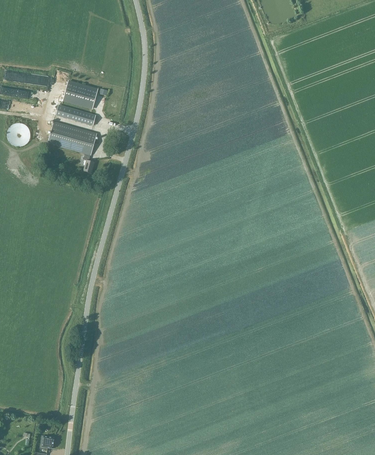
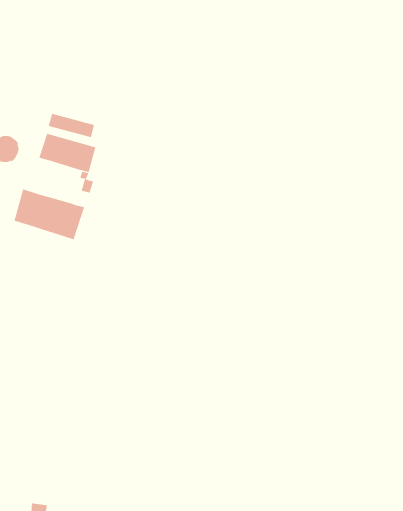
building: [63,80,97,105] -> none
building: none -> [14,188,85,240]

